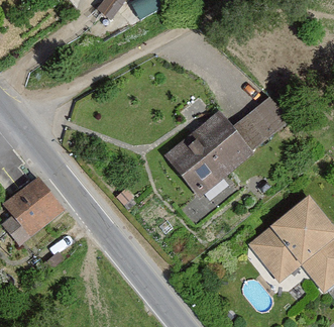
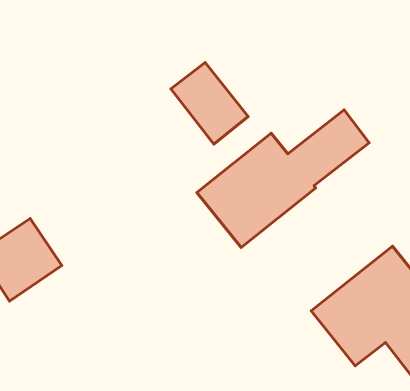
building: none -> [171,62,248,144]

